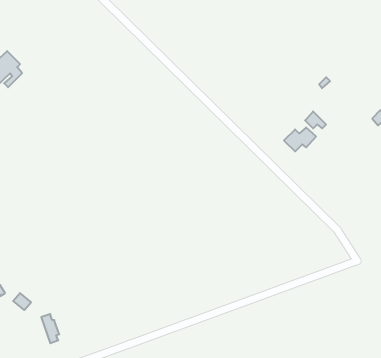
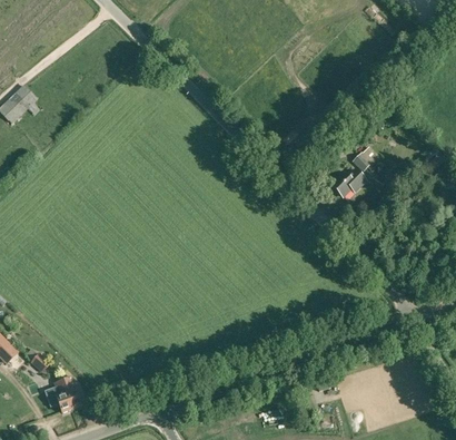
building: none -> [44,380,71,412]

